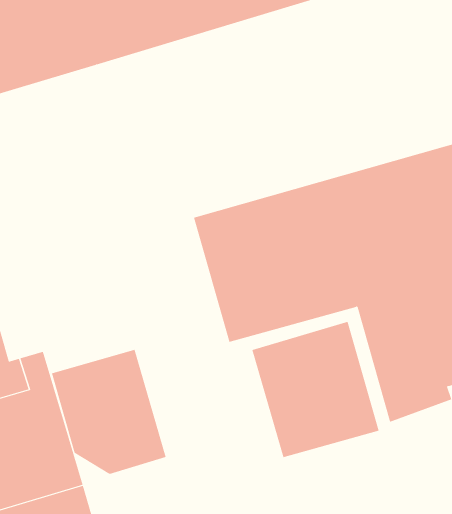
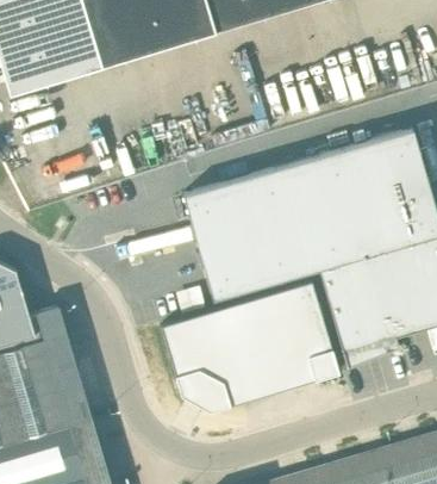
building: [51,349,167,474] -> [162,305,258,410]

